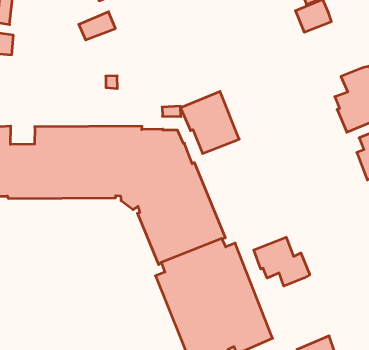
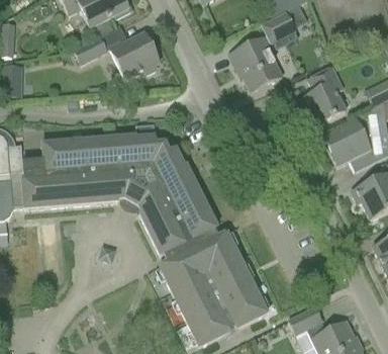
building: none -> [109,31,159,79]
building: [181,91,239,153] -> [228,35,282,91]
building: [254,237,310,286] -> none

